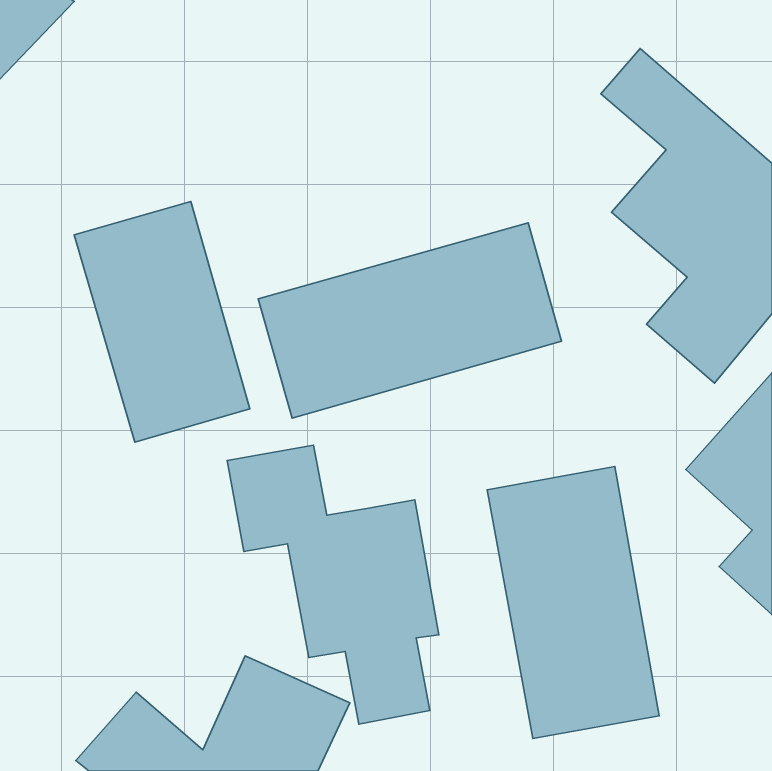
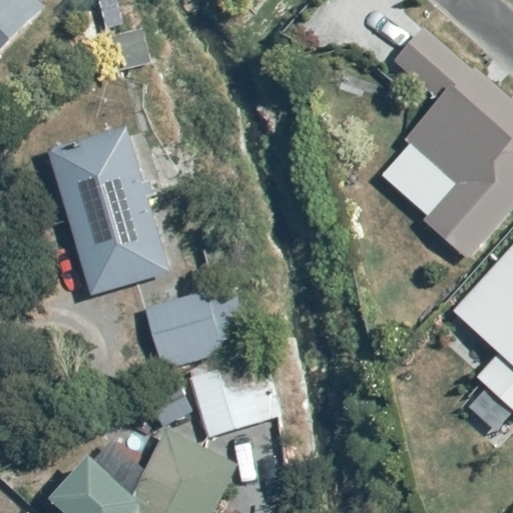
building: [258,223,561,418] -> none
building: [487,467,659,739] -> none

